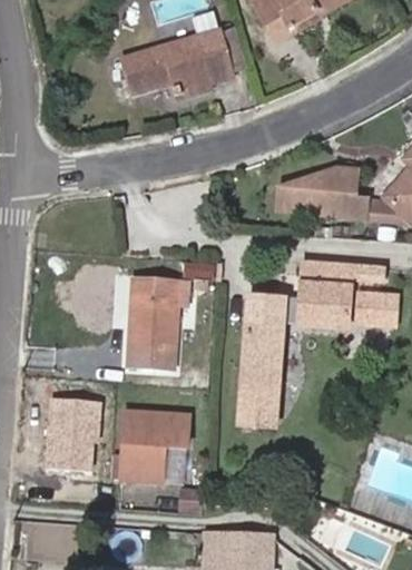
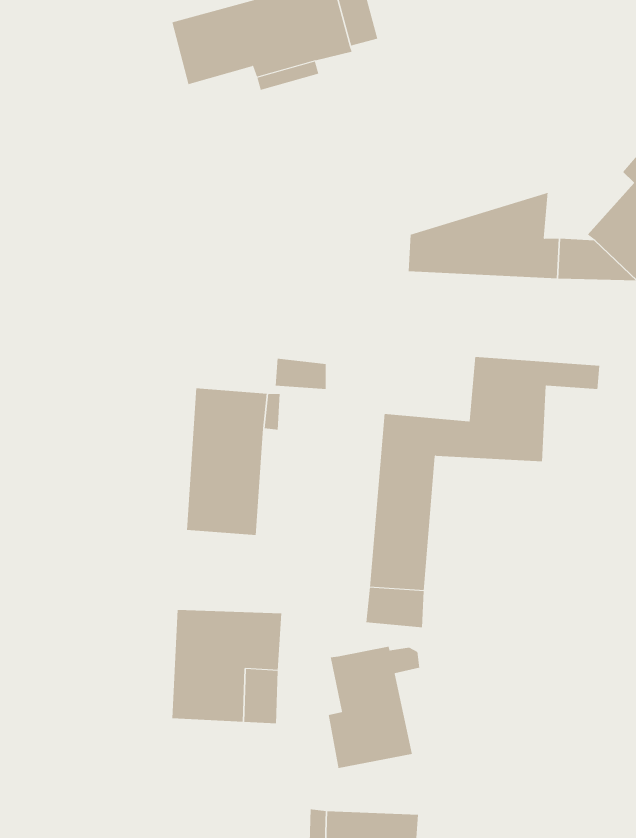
building: [357,294,394,323] -> none
building: [45,401,98,473] -> none
building: none -> [328,646,420,769]

